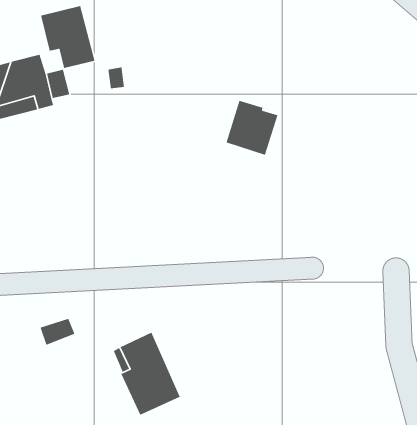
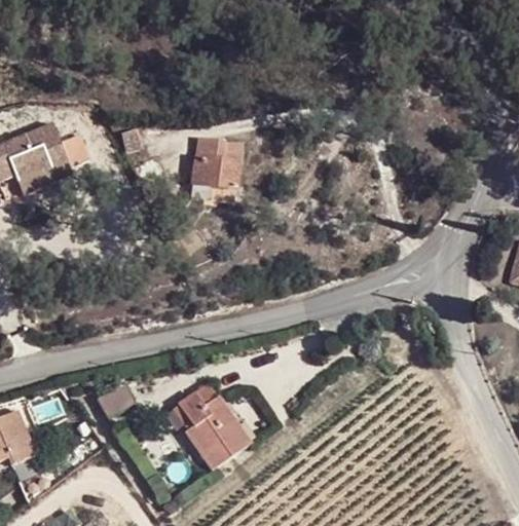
building: [40,5,95,69] -> none
building: [225,100,278,156] -> [193,138,242,189]

